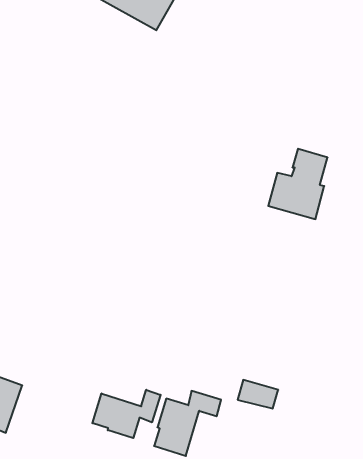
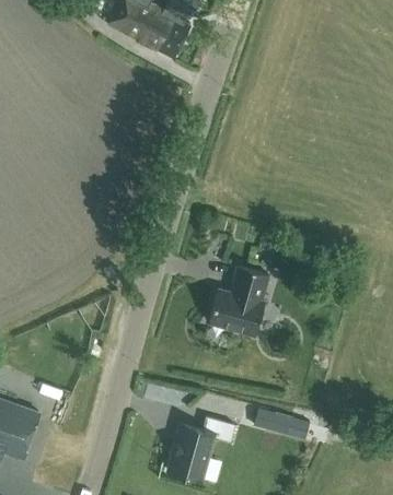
building: [268,149,328,219] -> [208,264,267,334]
building: [92,390,161,438] -> none

